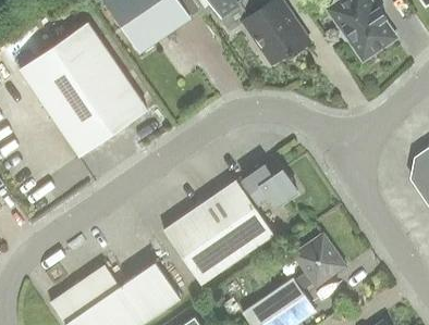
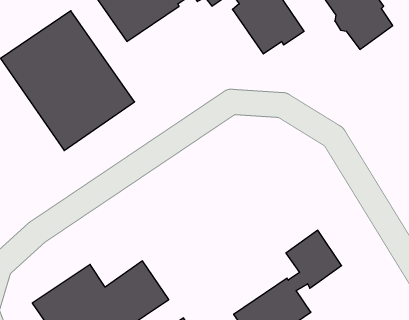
building: [162,163,297,285] -> none

